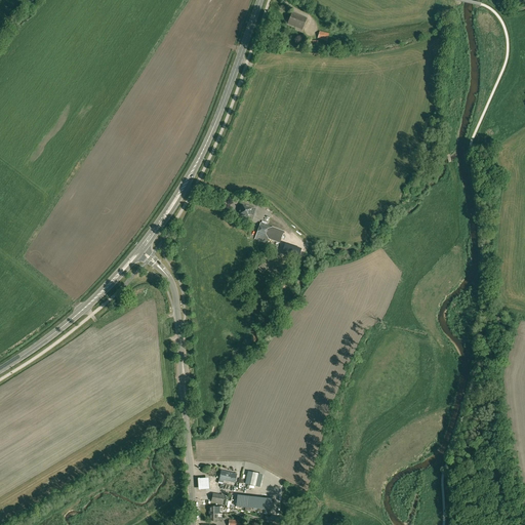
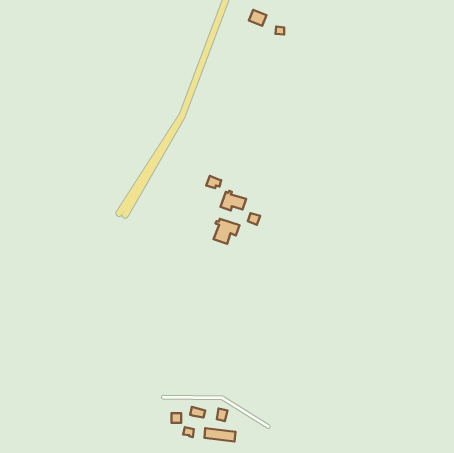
building: none -> [213,219,239,244]

